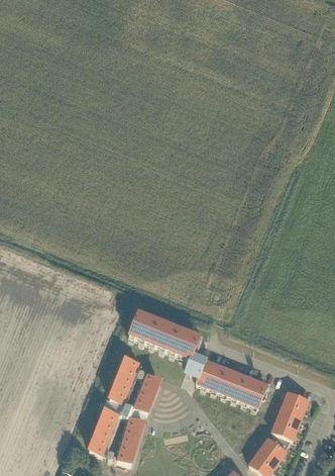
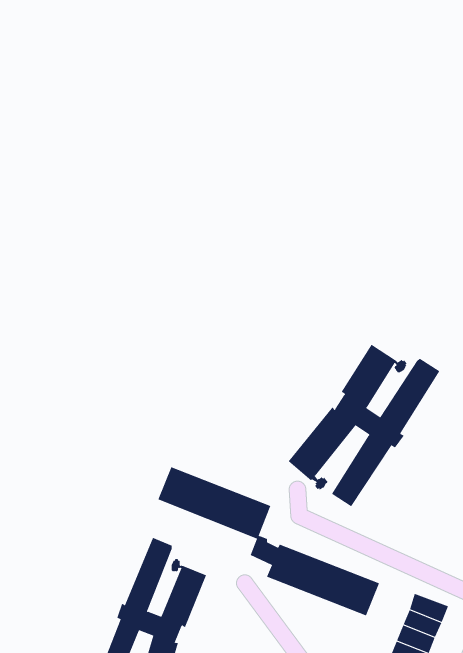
building: none -> [288,344,440,507]

